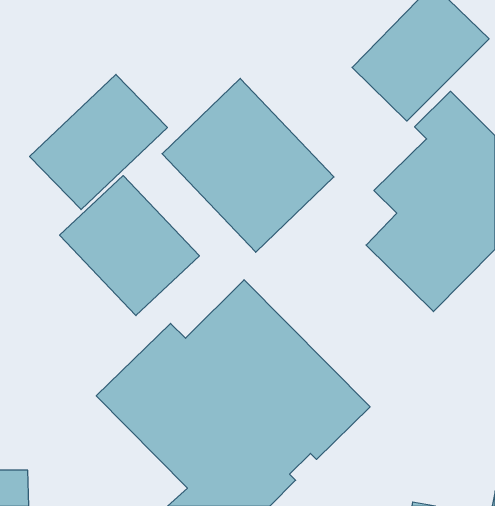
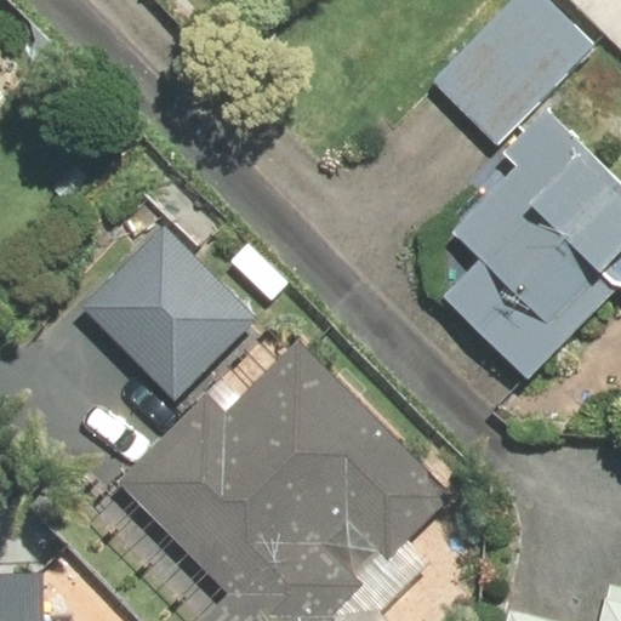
building: [30,74,167,210] -> none
building: [162,78,334,252] -> none

